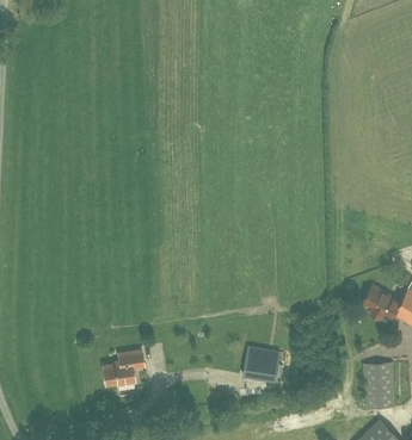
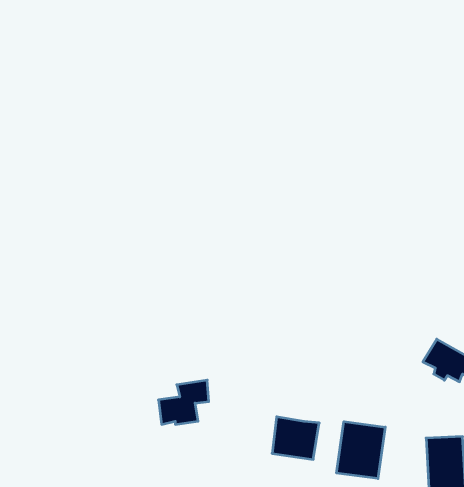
building: [104,351,143,385] -> [158,380,209,424]
building: none -> [337,422,385,479]

